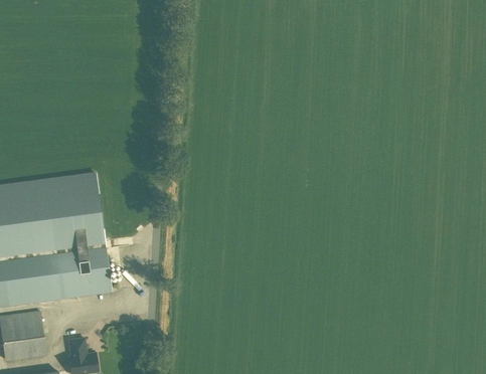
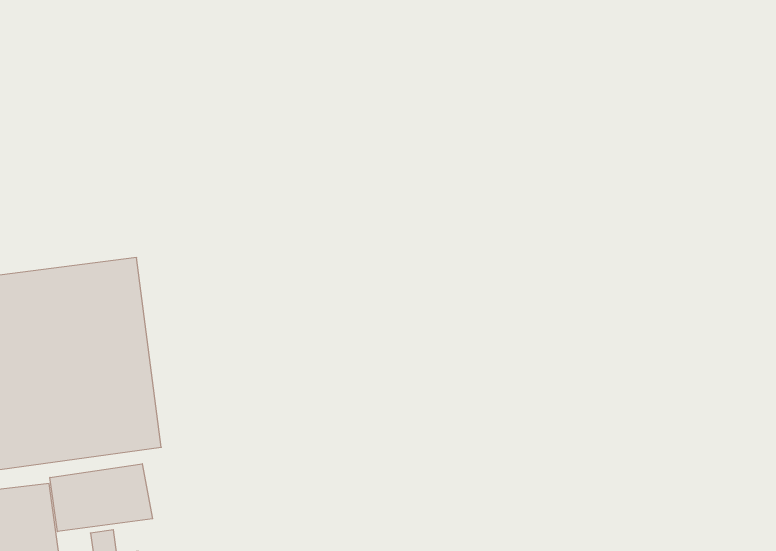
building: none -> [50,464,153,532]

